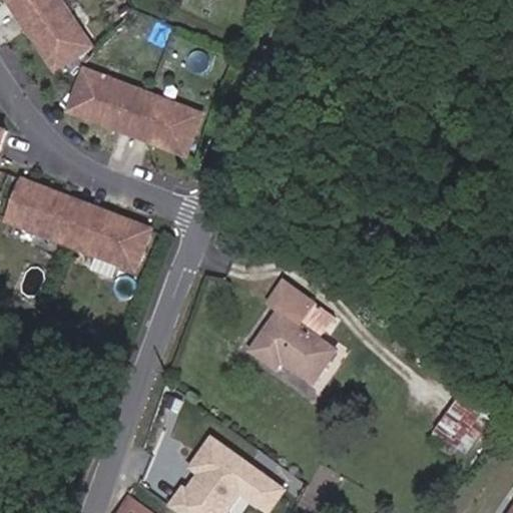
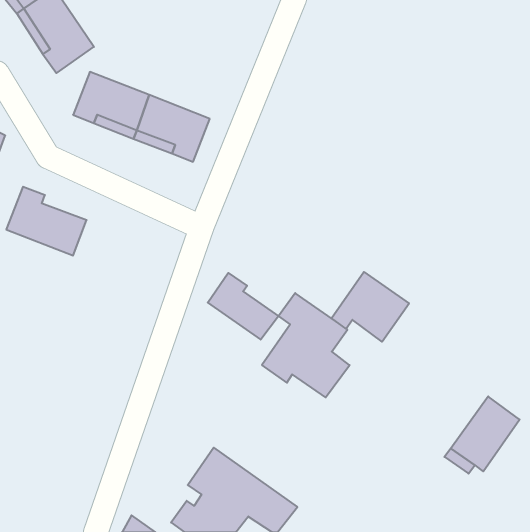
building: [70,211,150,270] -> none
building: none -> [331,272,409,342]
building: none -> [208,273,279,340]

